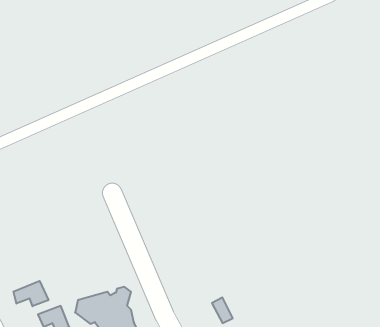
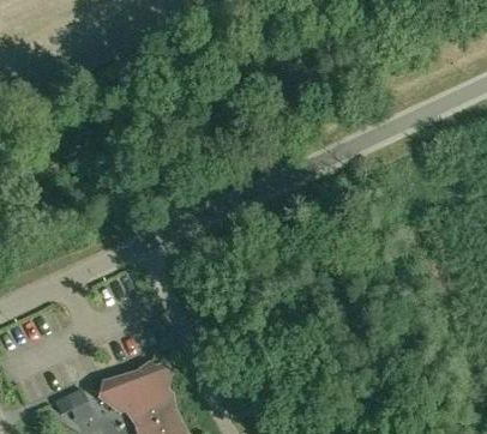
building: [13,281,48,306] -> none

